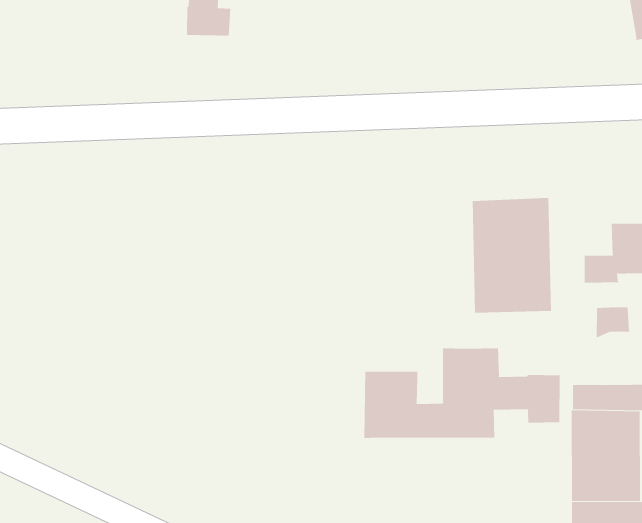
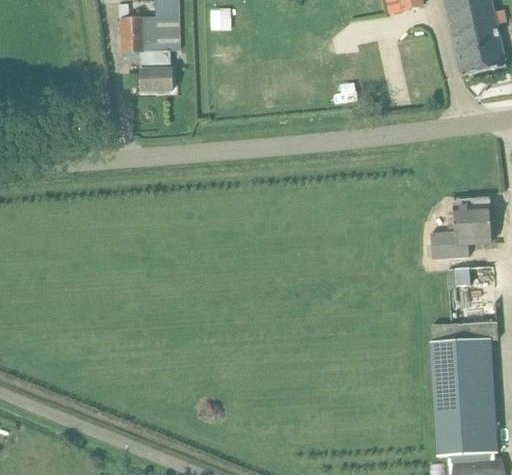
building: [472,197,551,313] -> none
building: [364,347,560,439] -> none

